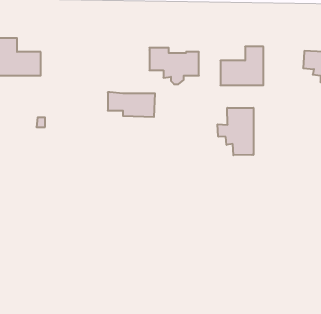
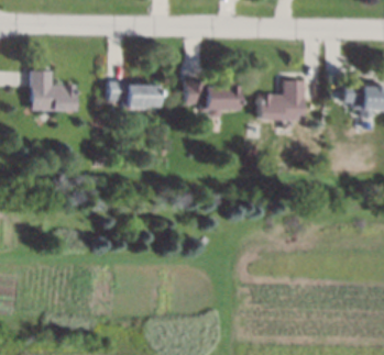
building: [108,92,155,117] -> [108,80,156,106]
building: [218,108,253,155] -> none

